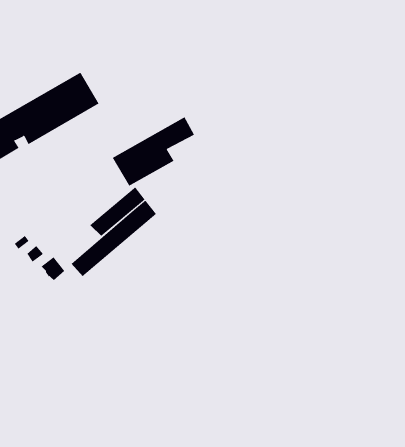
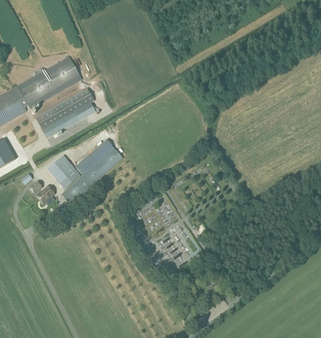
building: [112,116,195,186] -> [35,87,94,137]
building: none -> [47,155,81,189]

